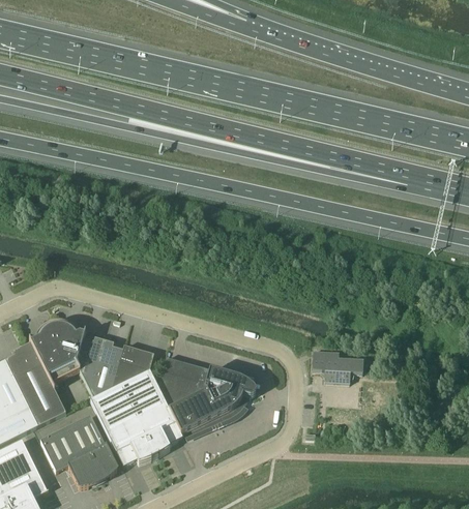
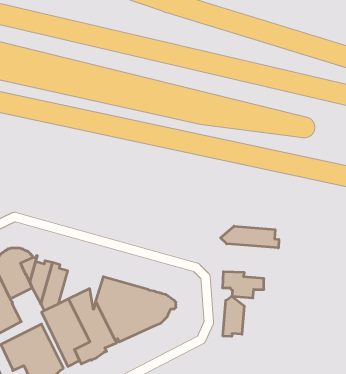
building: none -> [221,226,279,248]
building: [111,346,153,390] -> none
building: none -> [223,296,244,336]

